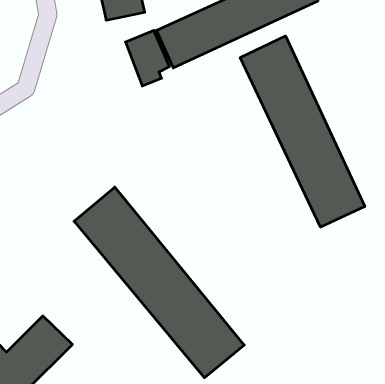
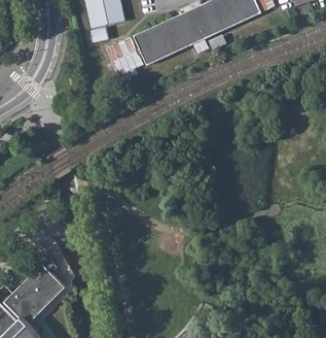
building: [240,36,365,227] -> none
building: [74,187,244,378] -> none

